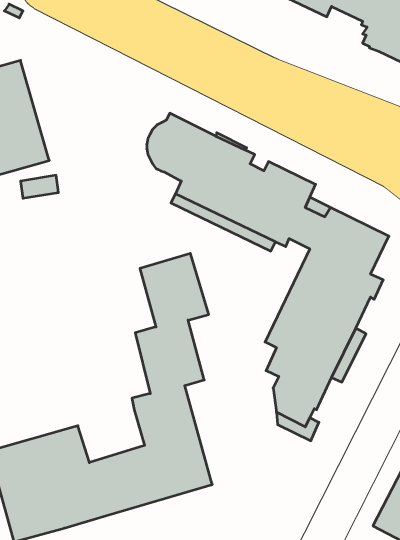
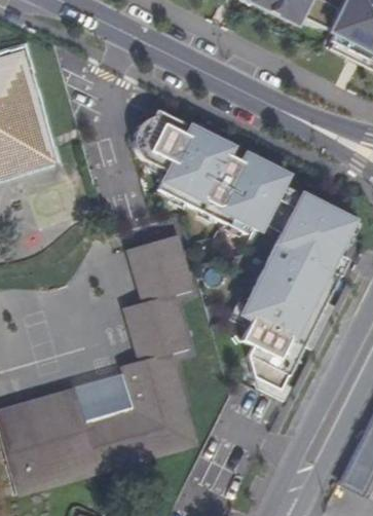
building: none -> [75,373,135,420]

